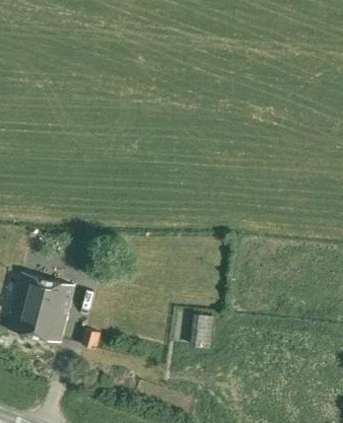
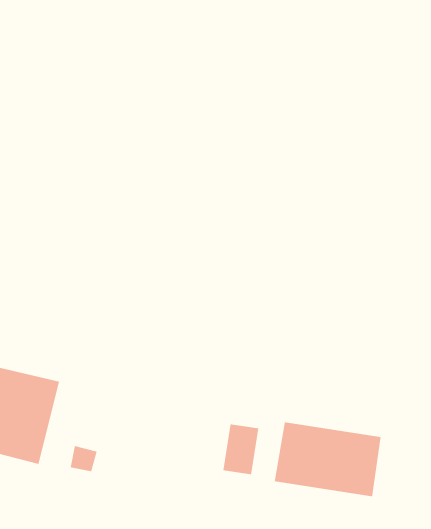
building: none -> [274,422,381,497]

